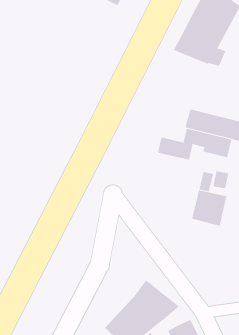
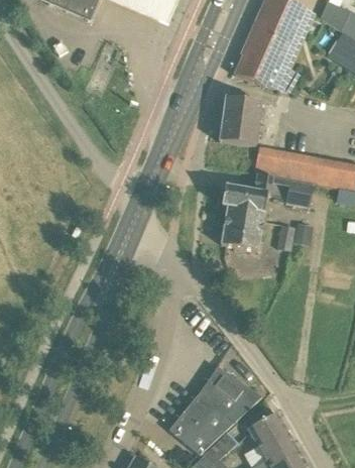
building: none -> [220,95,262,145]
building: [191,190,227,226] -> [221,205,264,249]

